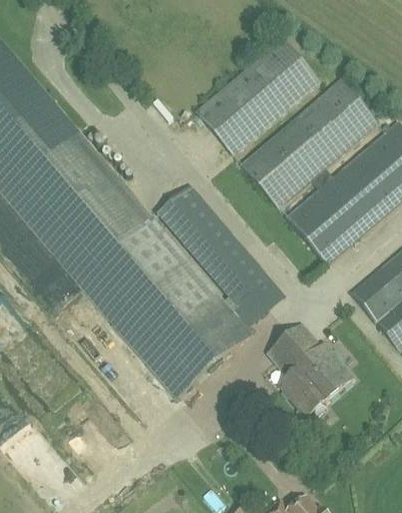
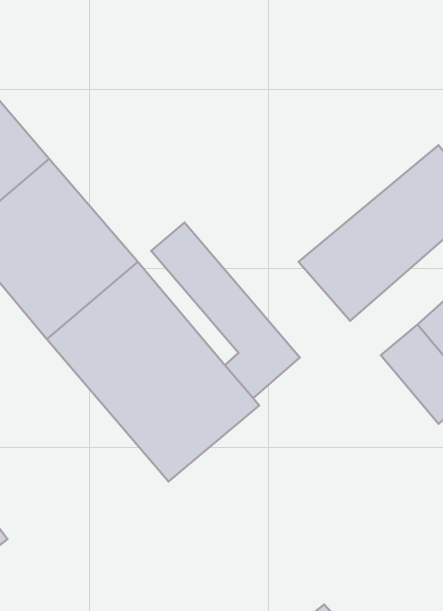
building: [195,37,319,154] -> none
building: [241,78,378,207] -> none
building: [268,323,353,416] -> none

